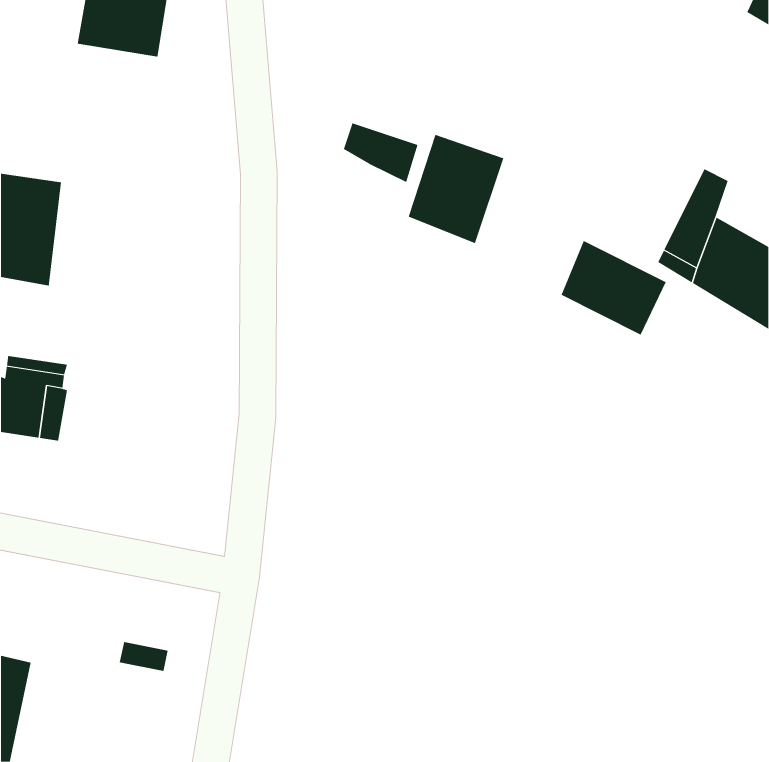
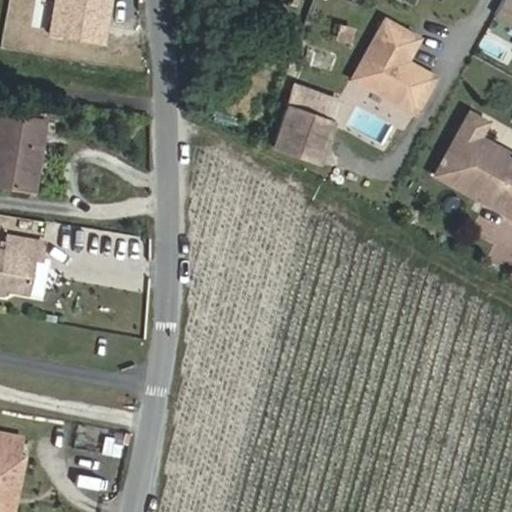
building: none -> [351,19,436,114]
building: [343,122,418,183] -> none
building: [561,240,667,336] -> none

